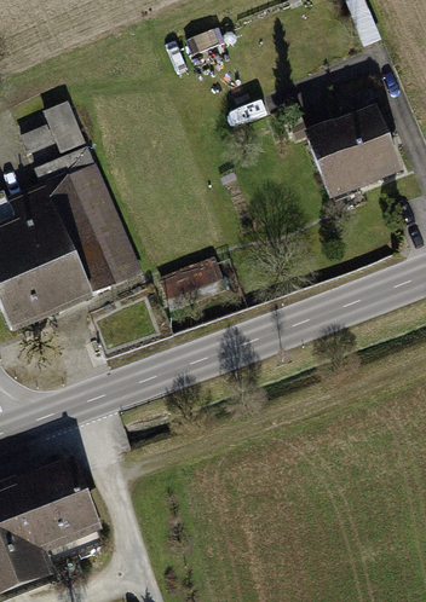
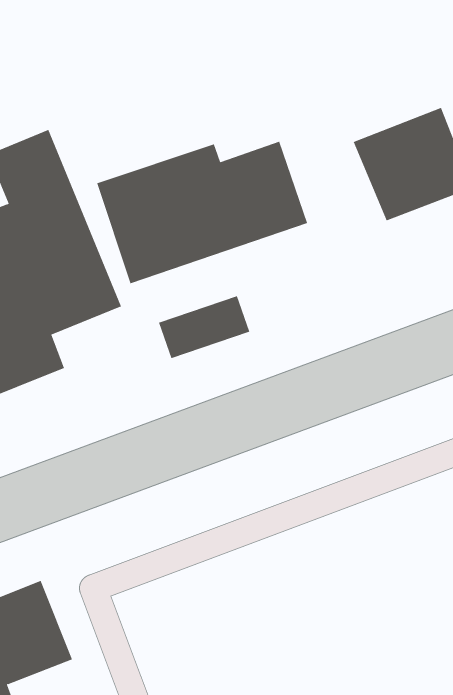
building: none -> [96,141,308,284]

